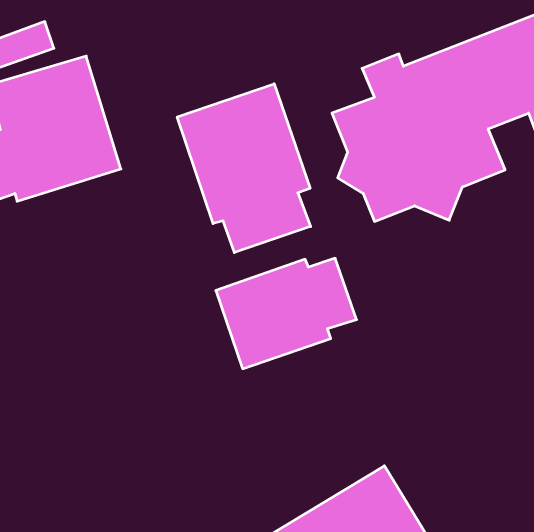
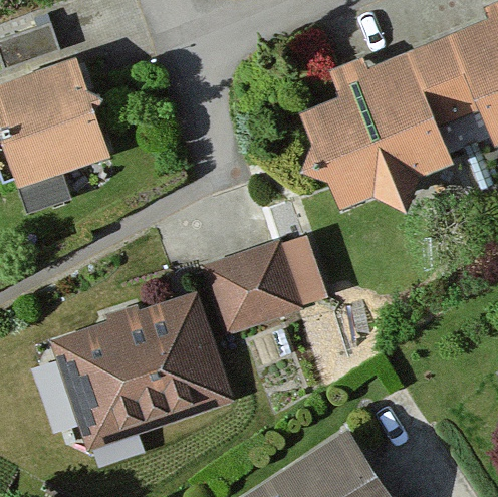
building: [177,84,311,253] -> none
building: none -> [52,297,231,452]

